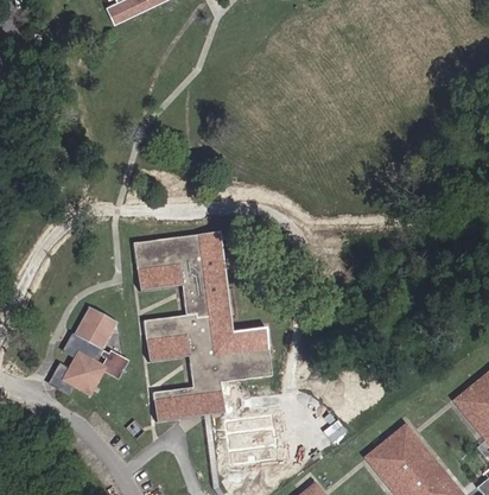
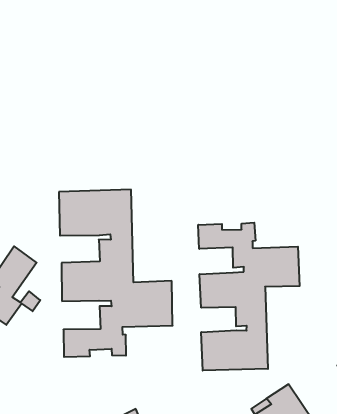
building: none -> [198,223,300,371]

